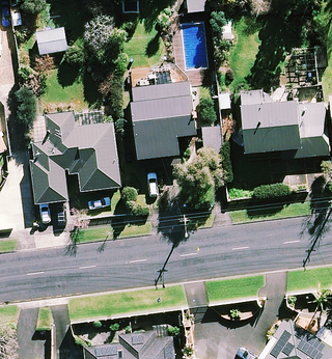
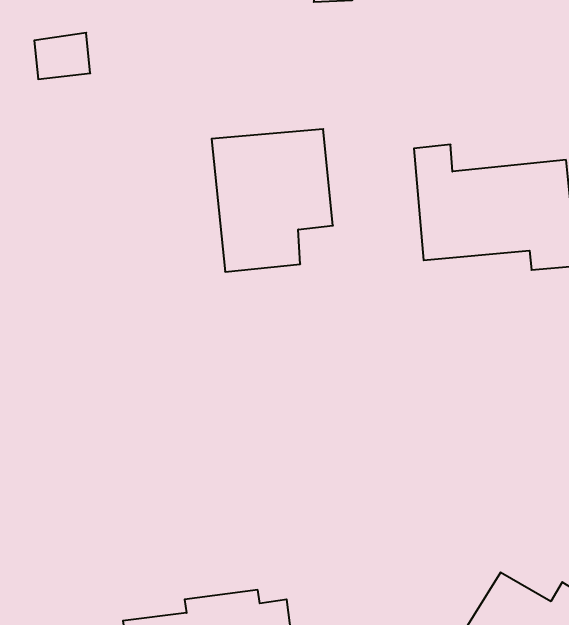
building: [30,110,118,201] -> none

